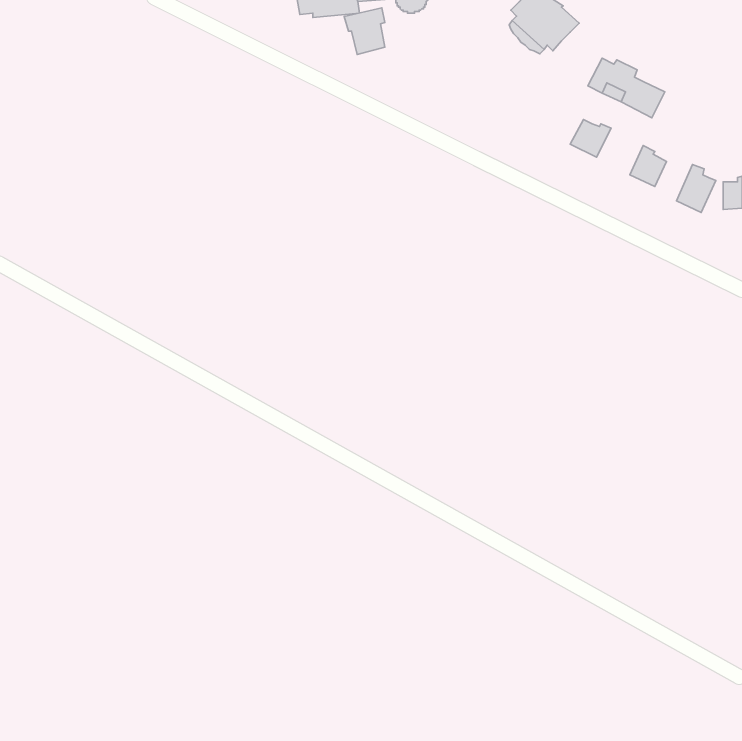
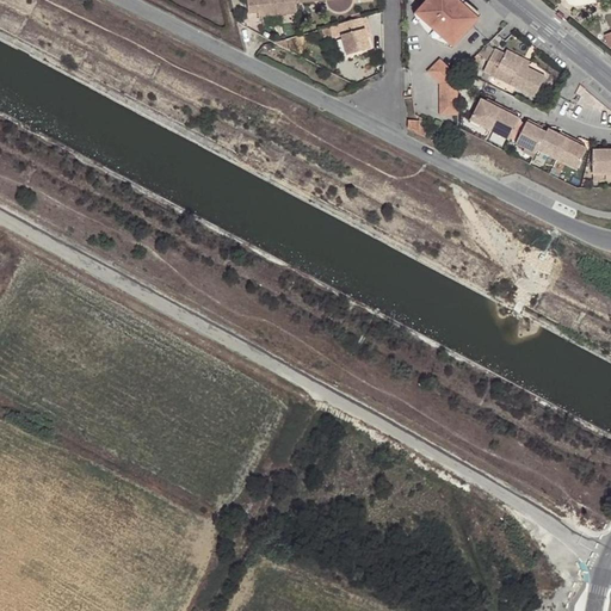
building: [344,8,385,54] -> [334,14,368,53]
building: none -> [426,60,457,116]
building: none -> [489,105,519,138]
building: none -> [536,129,568,165]

